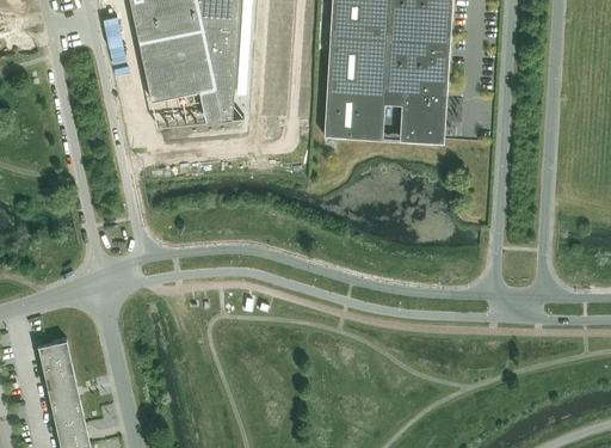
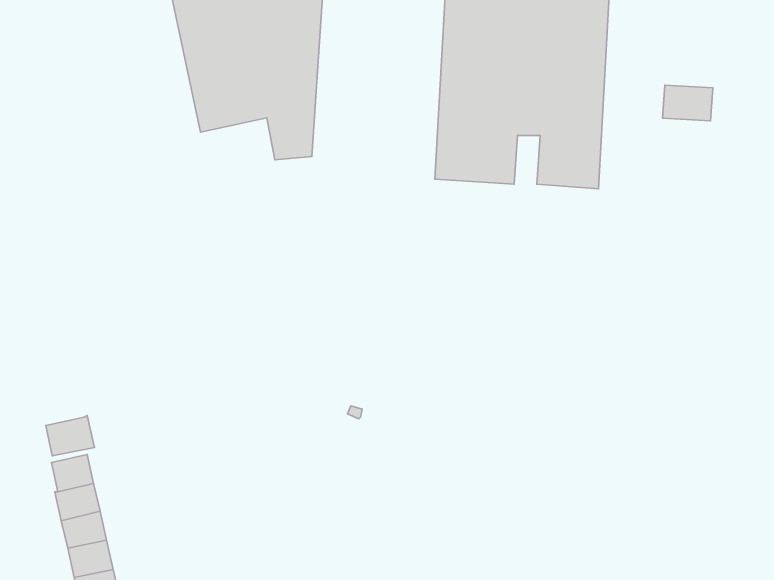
building: none -> [663,85,713,121]
building: none -> [46,416,94,456]

